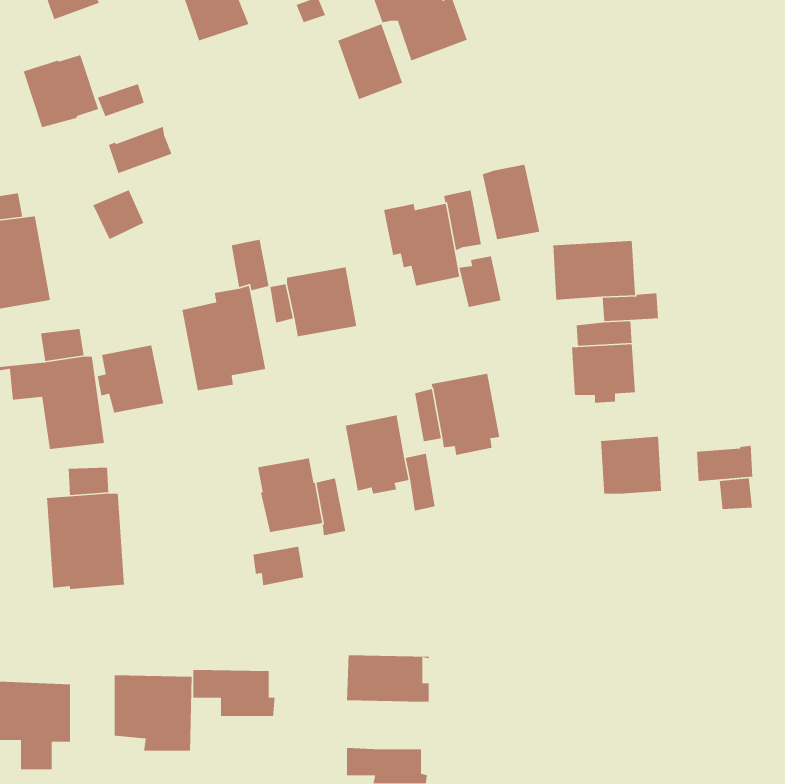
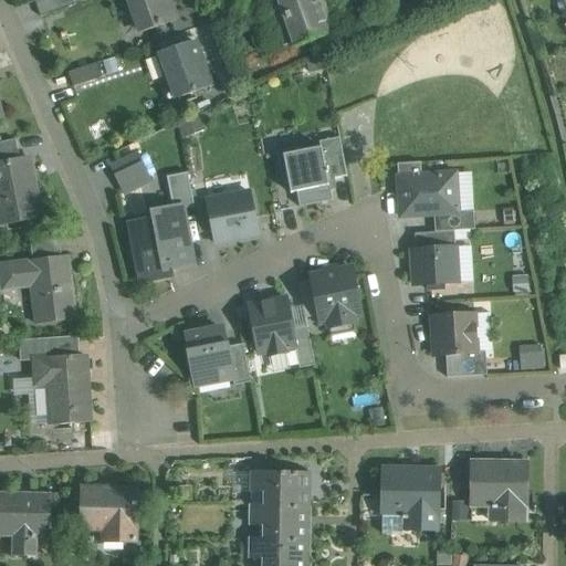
building: [337,23,403,100] -> [163,40,210,95]
building: [22,54,99,128] -> none
building: [108,126,172,174] -> none
building: [482,164,540,240] -> none
building: [92,189,145,240] -> [111,155,148,191]
building: [458,256,502,308] -> none
building: [97,345,164,414] -> none
building: [696,445,753,482] -> [444,350,485,377]
building: [252,546,304,586] -> none
building: none -> [472,461,525,518]
building: none -> [382,465,440,527]
building: [192,669,276,717] -> [249,503,308,537]

